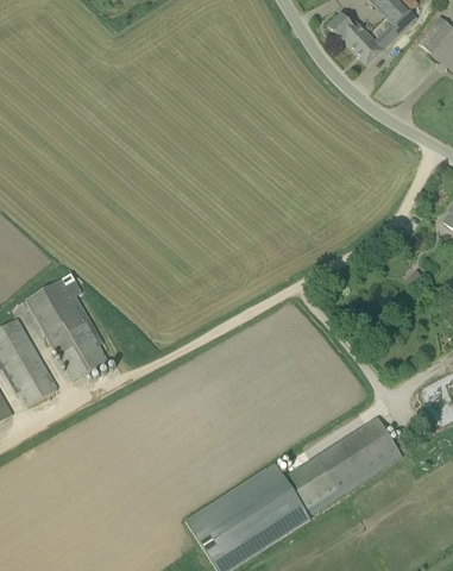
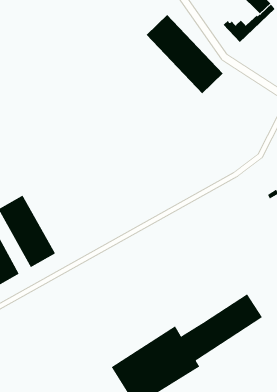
building: [327,11,367,42] -> none
building: none -> [146,14,224,94]

